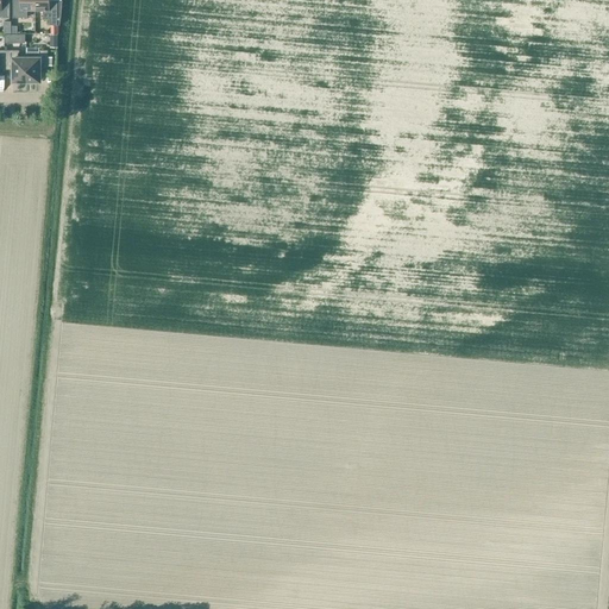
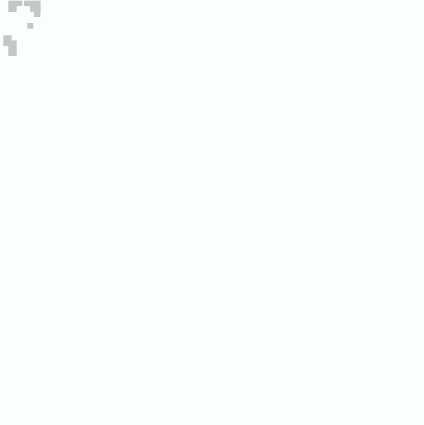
building: [25,48,46,81] -> none

